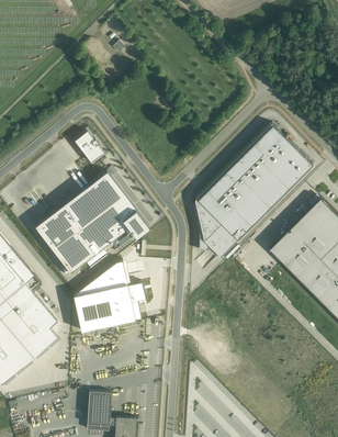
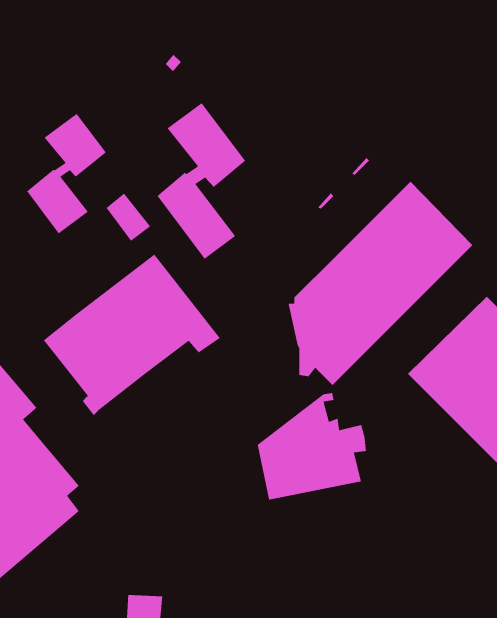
building: none -> [156,102,246,260]
building: none -> [26,113,107,234]
building: [74,261,145,332] -> [257,392,367,501]

